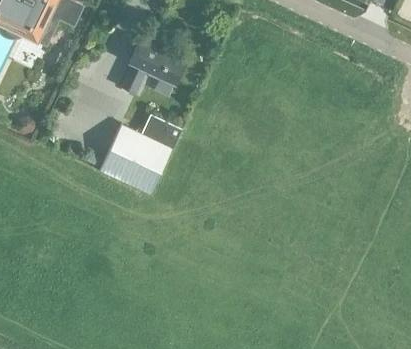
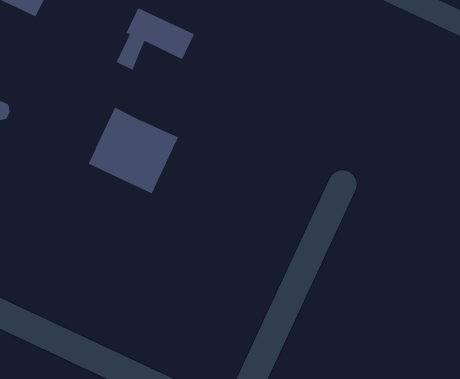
building: [140,114,182,148] -> none

